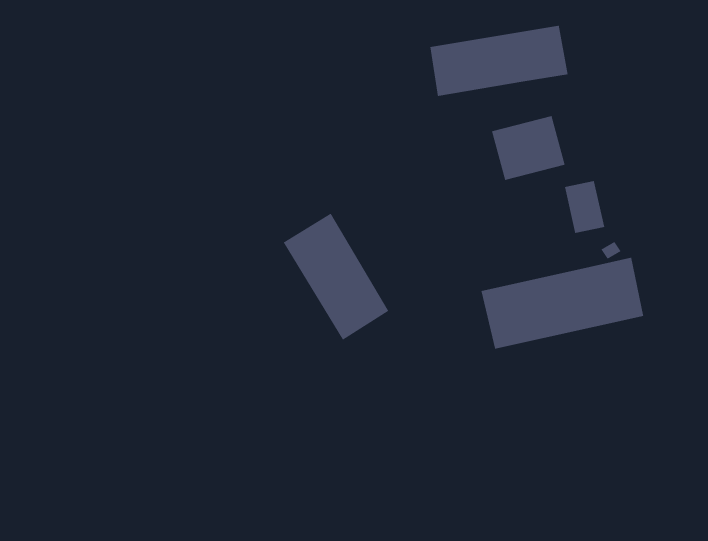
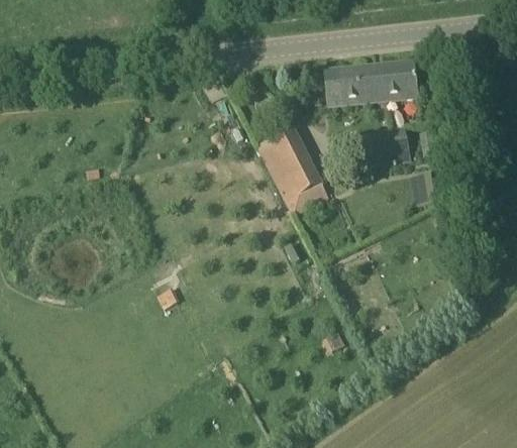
building: [283,213,389,340] -> [257,125,327,213]
building: [481,257,644,349] -> none

